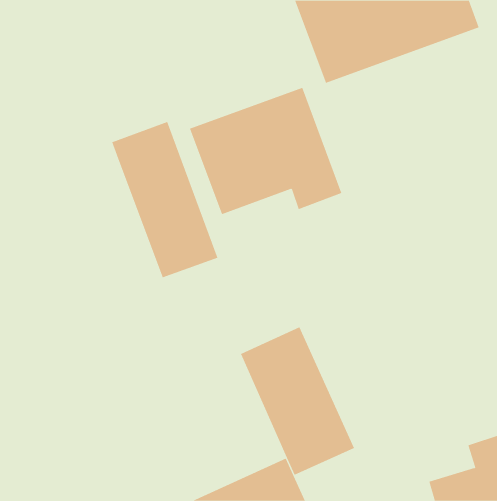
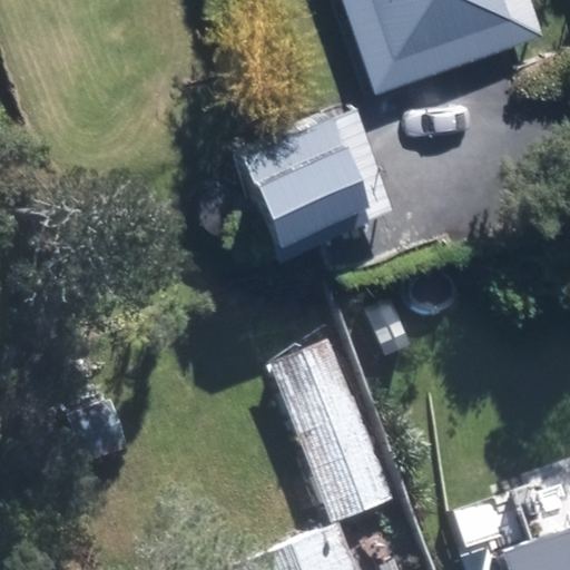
building: [111,121,218,278] -> none

